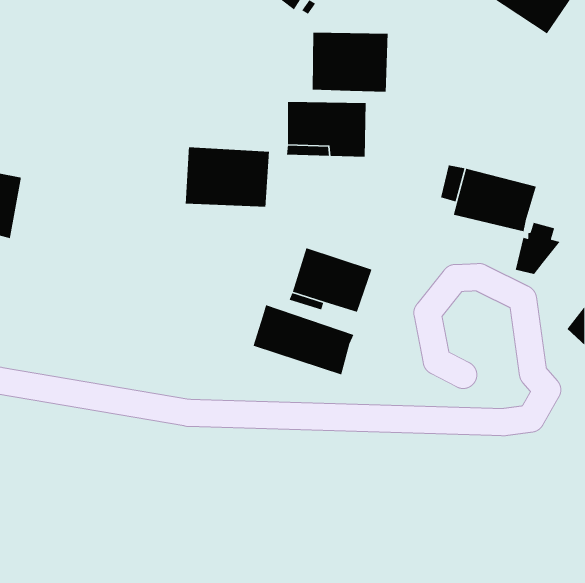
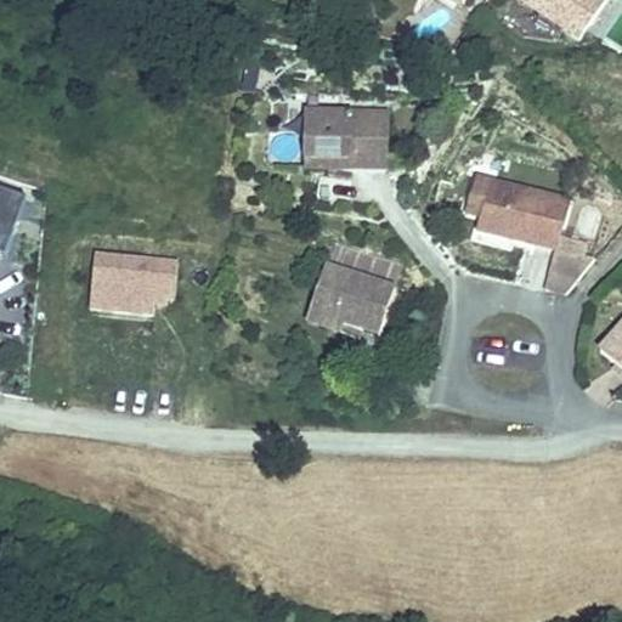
building: [312,32,389,93] -> none
building: [185,147,270,208] -> [86,249,176,313]
building: [252,304,354,376] -> none

